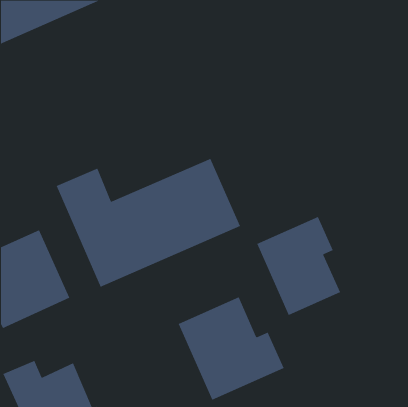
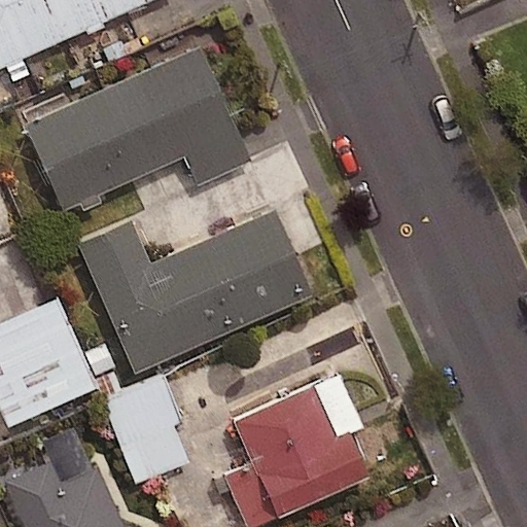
building: none -> [24,47,238,211]
building: [256,216,341,316] -> none
building: none -> [104,379,188,484]

